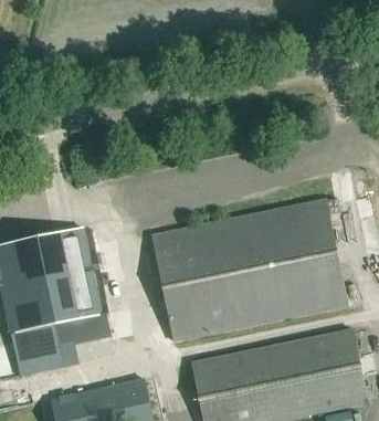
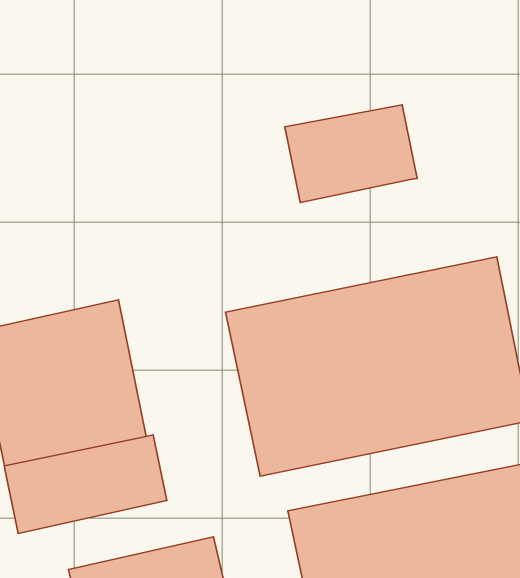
building: none -> [285,105,417,202]

